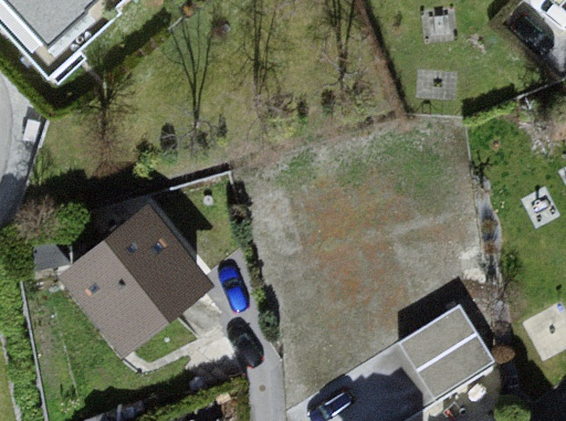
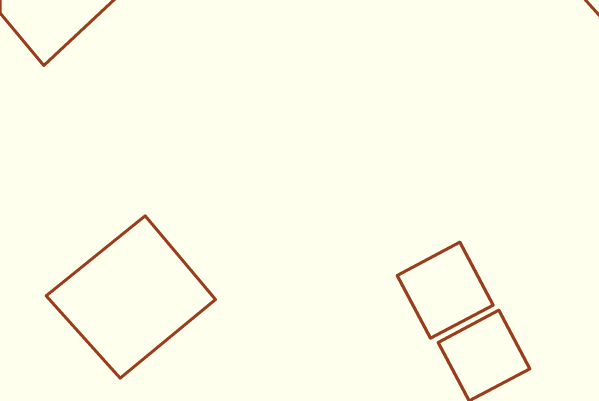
building: none -> [397,242,493,338]

